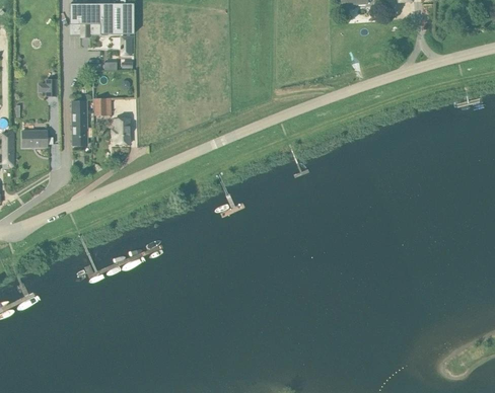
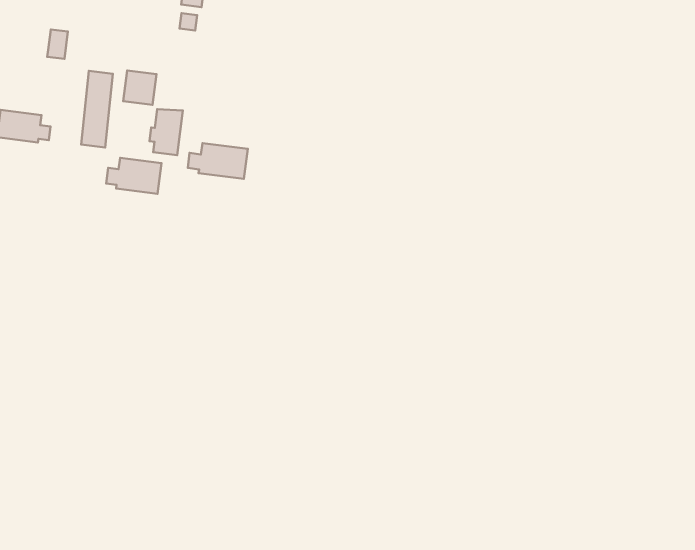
building: none -> [188,143,248,179]
building: none -> [106,158,161,194]

